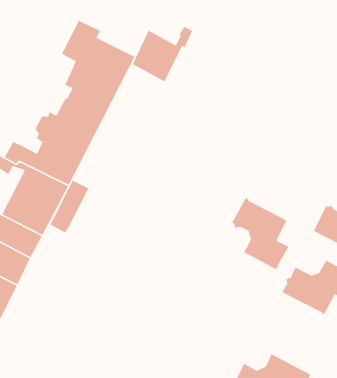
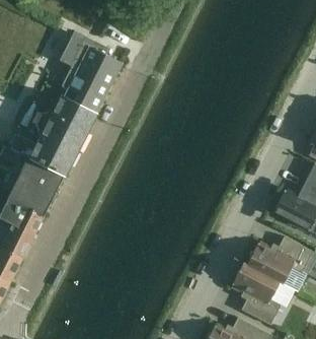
building: [132,26,193,82] -> none
building: [49,180,89,234] -> none
building: [231,197,289,270] -> [231,262,281,325]

